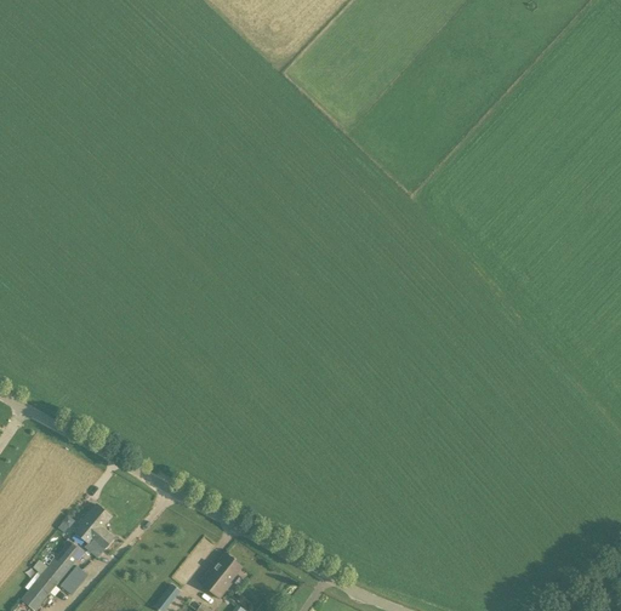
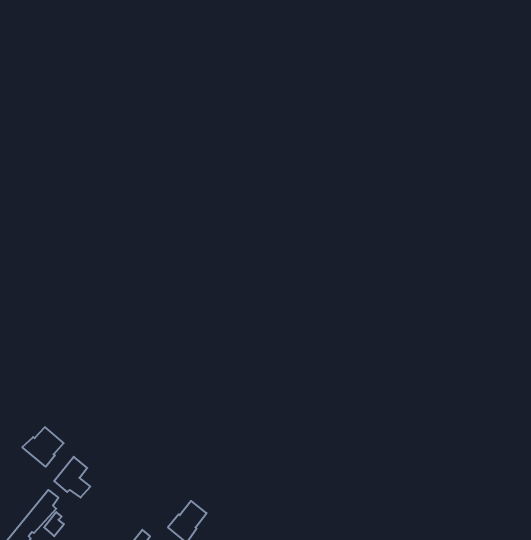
building: none -> [22,427,64,467]

